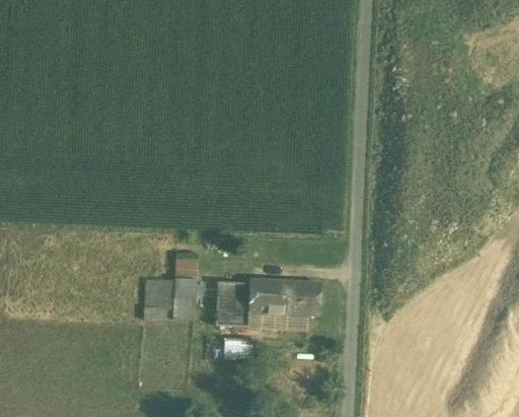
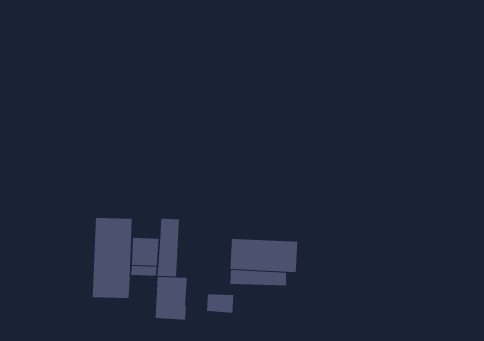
building: none -> [92,217,132,299]
building: [215,279,249,327] -> [155,275,188,320]

